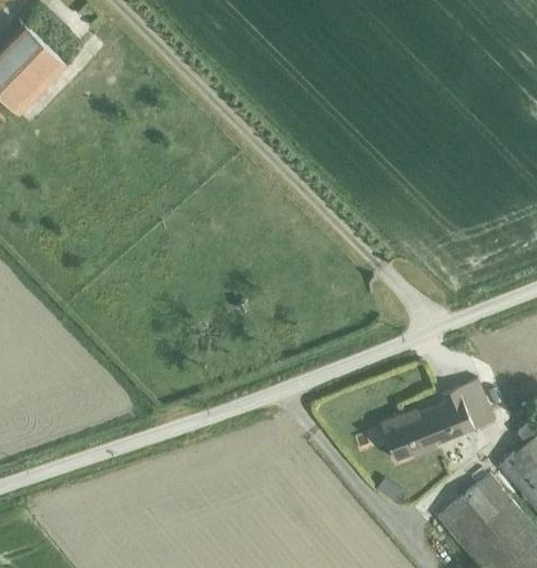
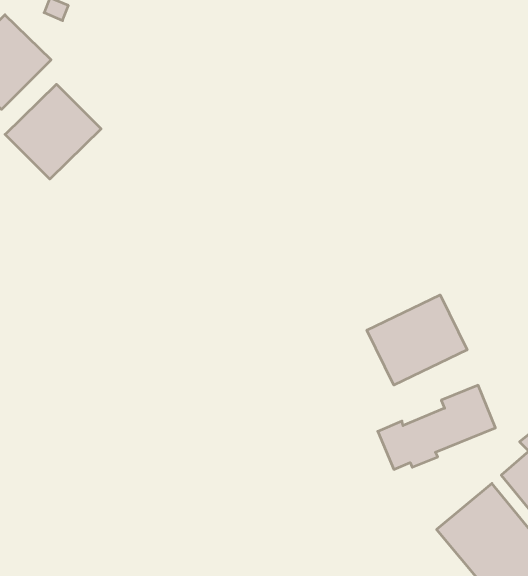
building: none -> [5,84,101,179]
building: none -> [367,295,467,385]

